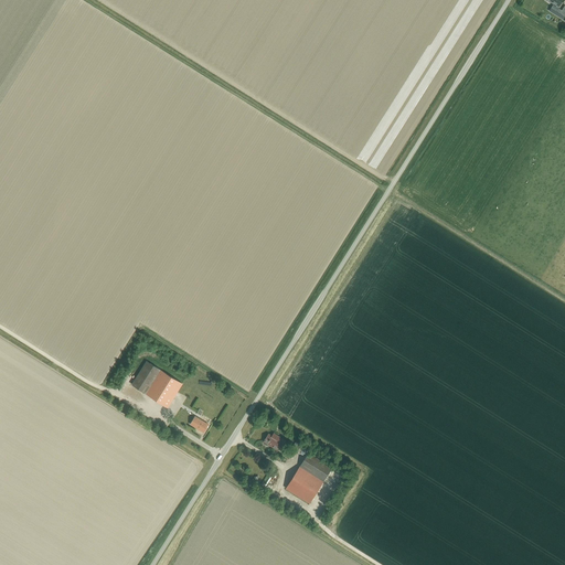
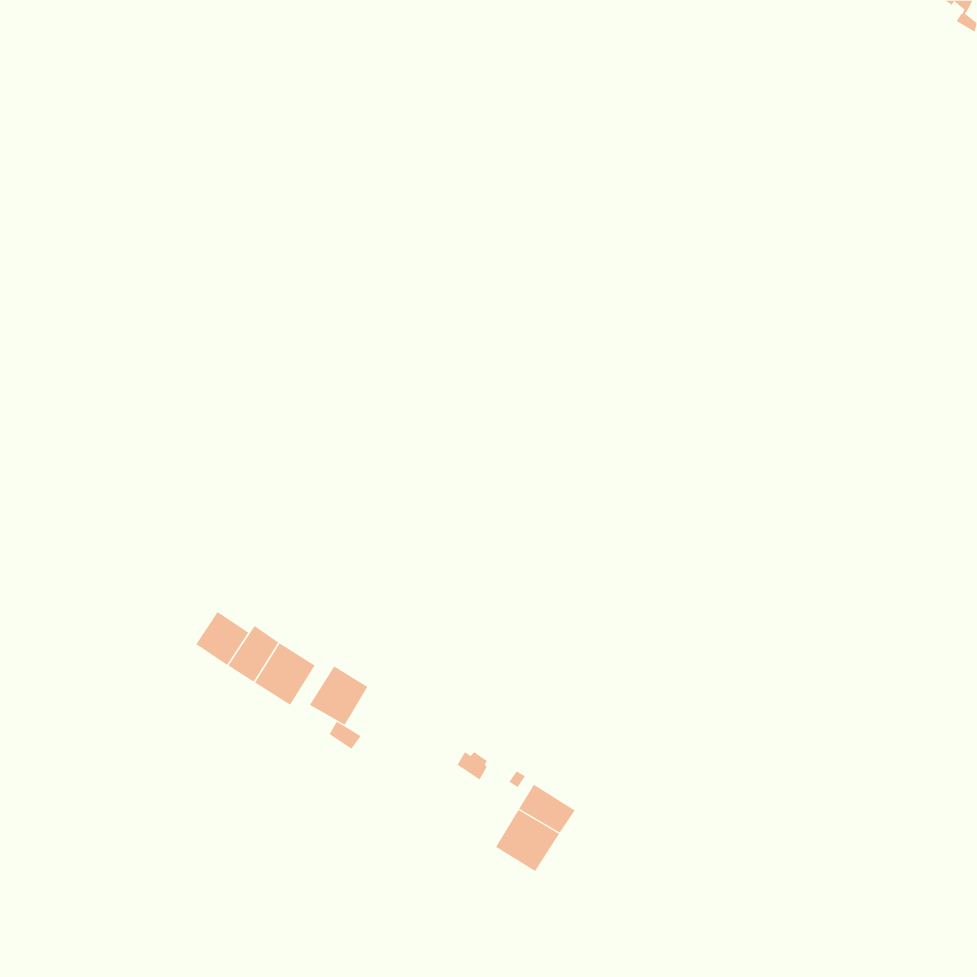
building: none -> [196,611,249,666]
building: none -> [309,666,368,725]

